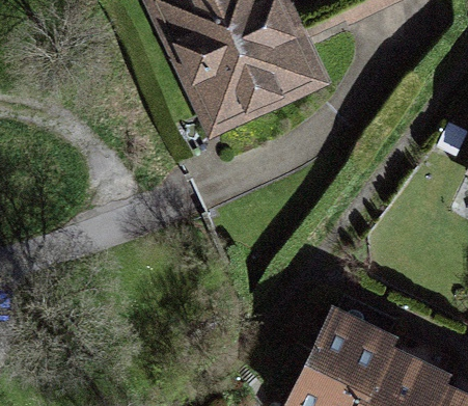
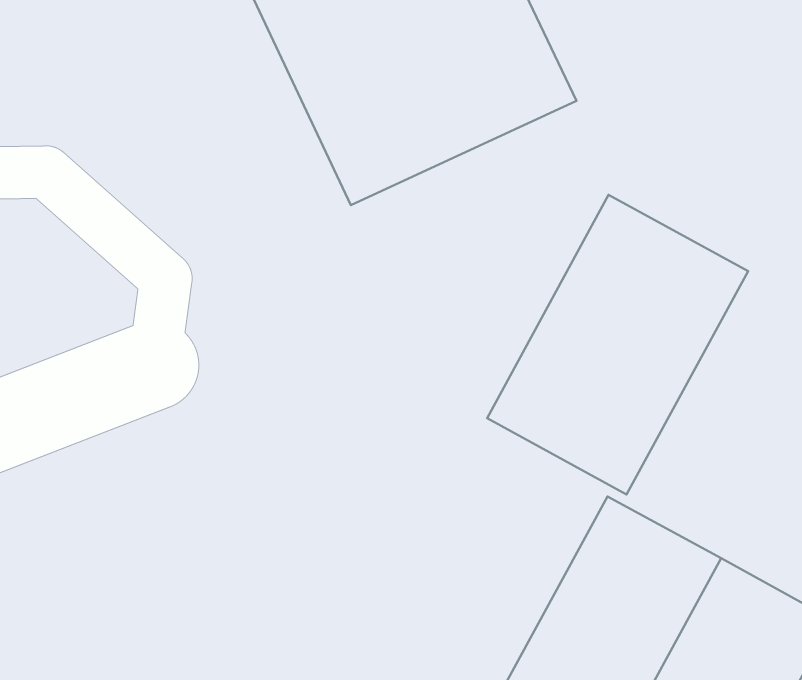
building: none -> [487,195,748,495]

